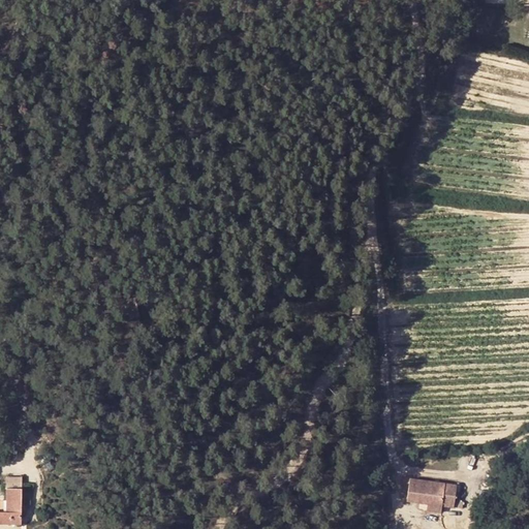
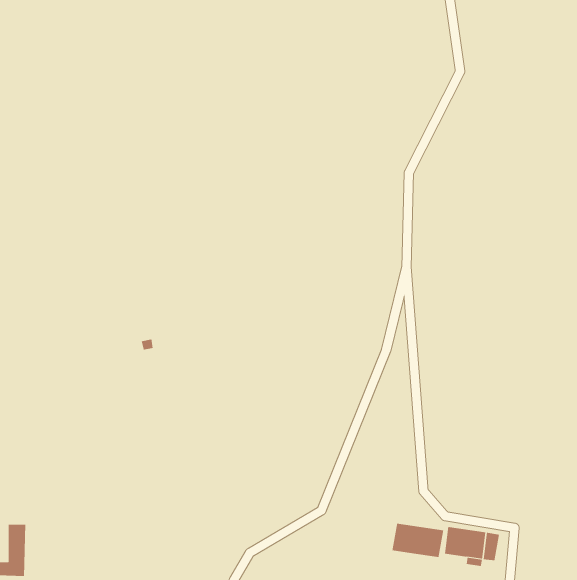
building: none -> [392,523,444,558]

